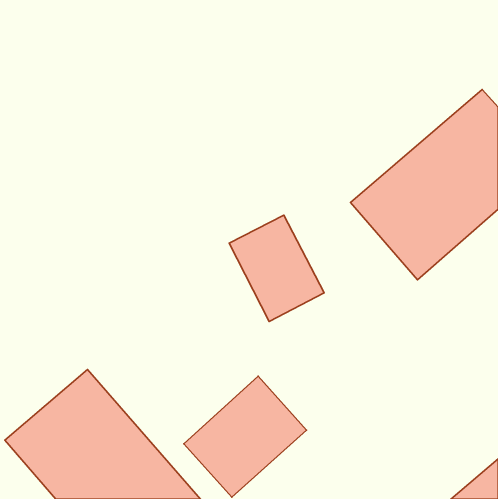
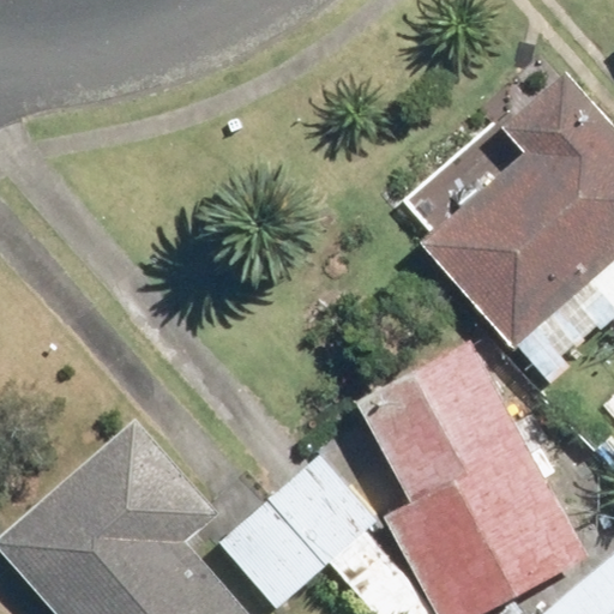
building: [229,215,324,322] -> none
building: none -> [366,363,565,596]

